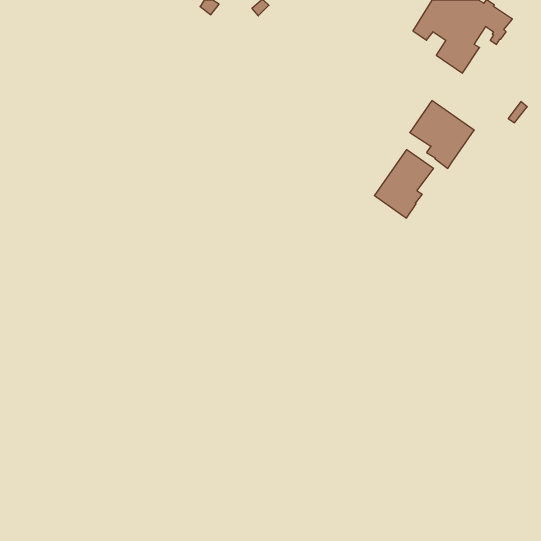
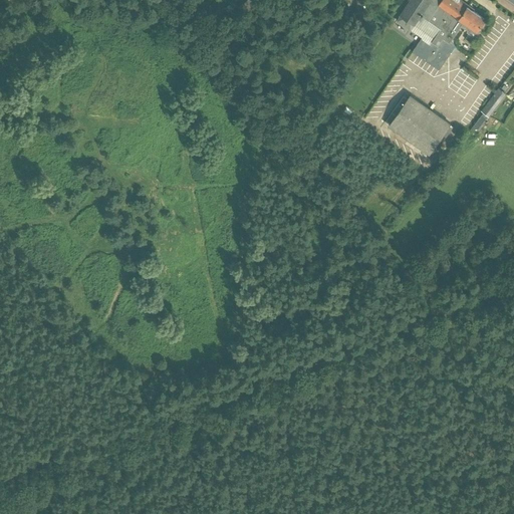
building: [374,150,433,218] -> none

